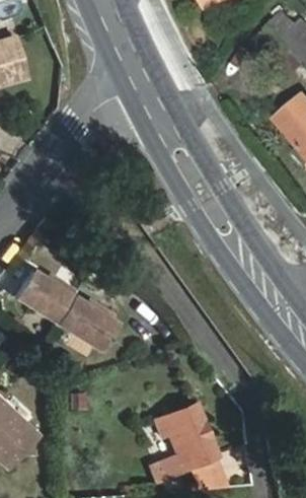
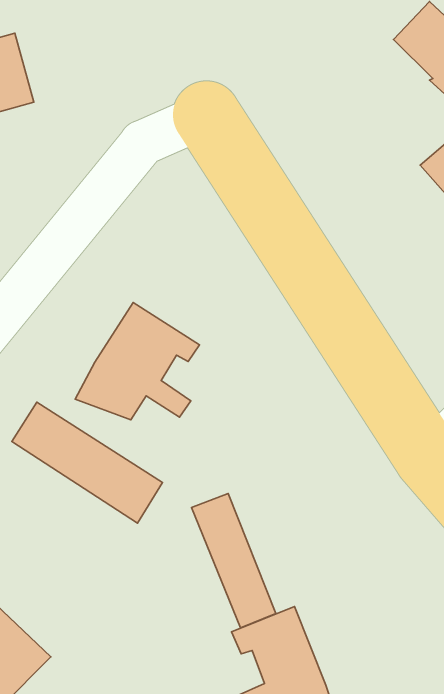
building: none -> [75,302,200,420]
building: none -> [191,493,276,628]

